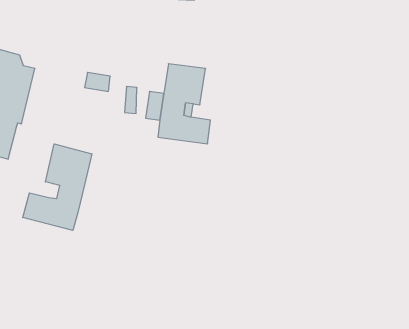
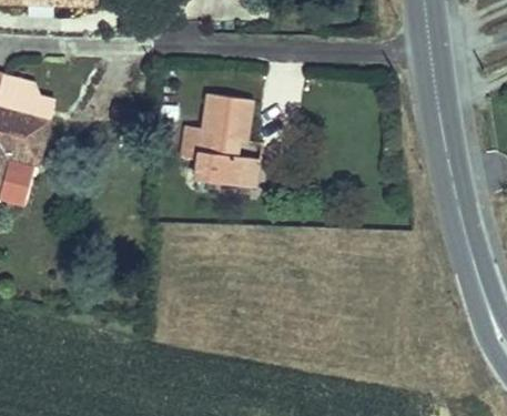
building: [23,144,92,230] -> none

